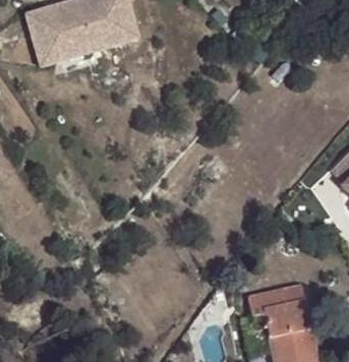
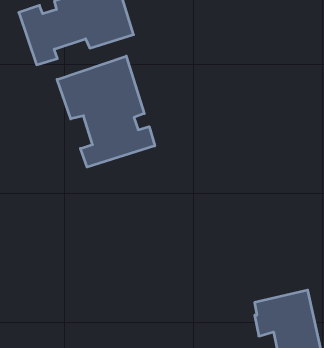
building: none -> [57,56,155,167]

